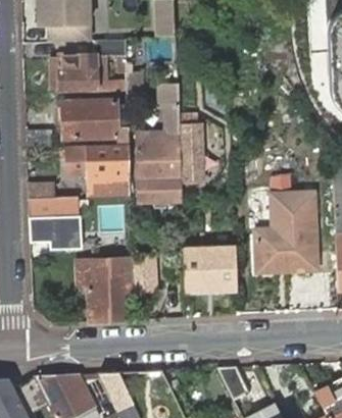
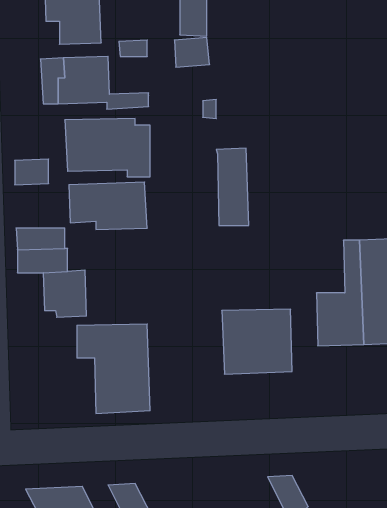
building: [138,126,183,201] -> none

